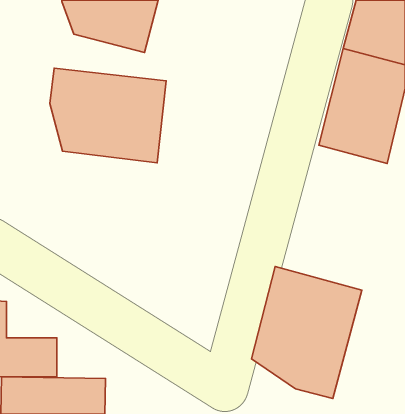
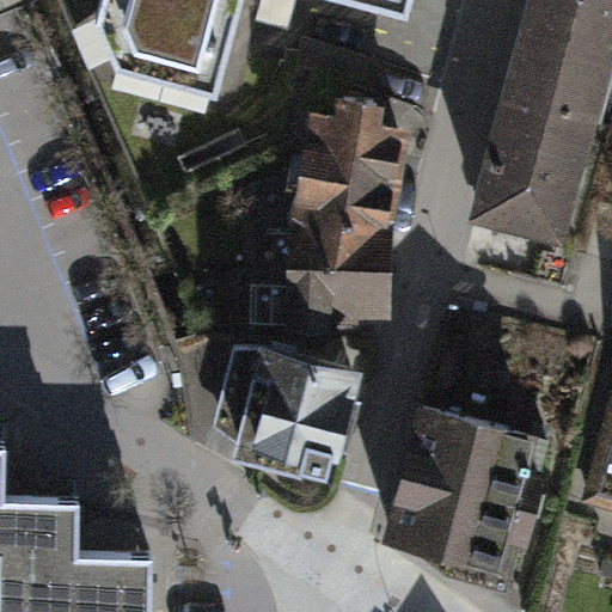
building: [50,68,166,163] -> none
building: none -> [280,109,397,336]
building: none -> [237,345,363,479]

